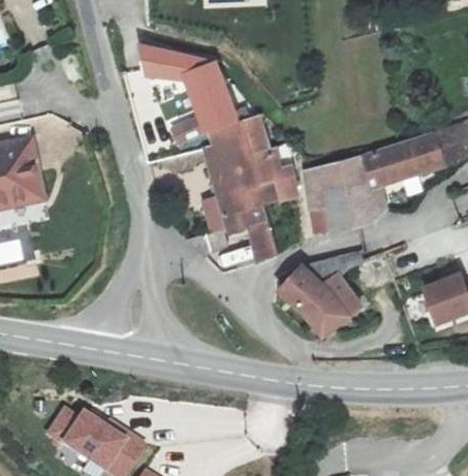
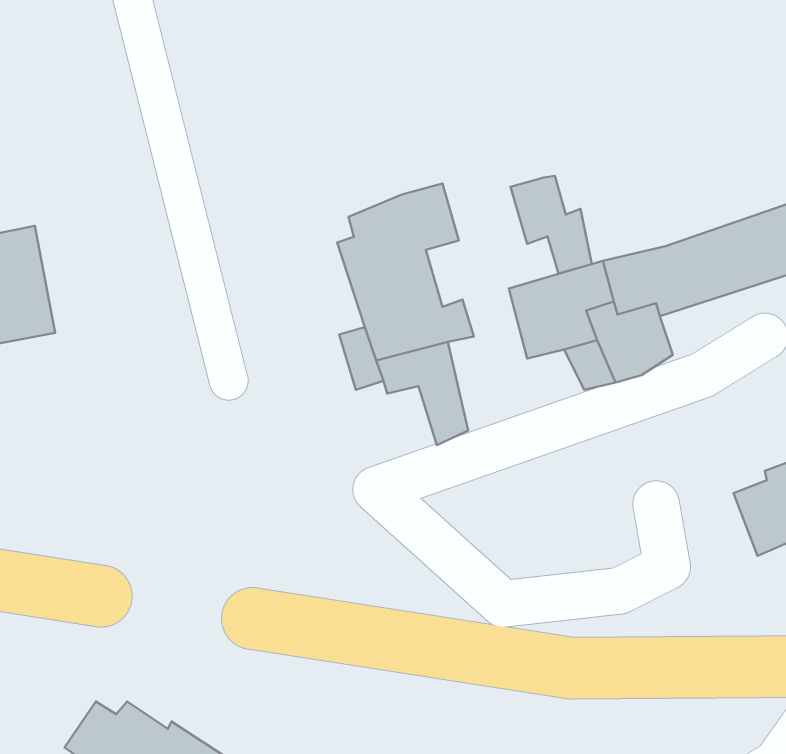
building: [138,44,238,146] -> none
building: [251,146,297,200] -> [511,176,592,273]
building: [279,264,362,336] -> none

